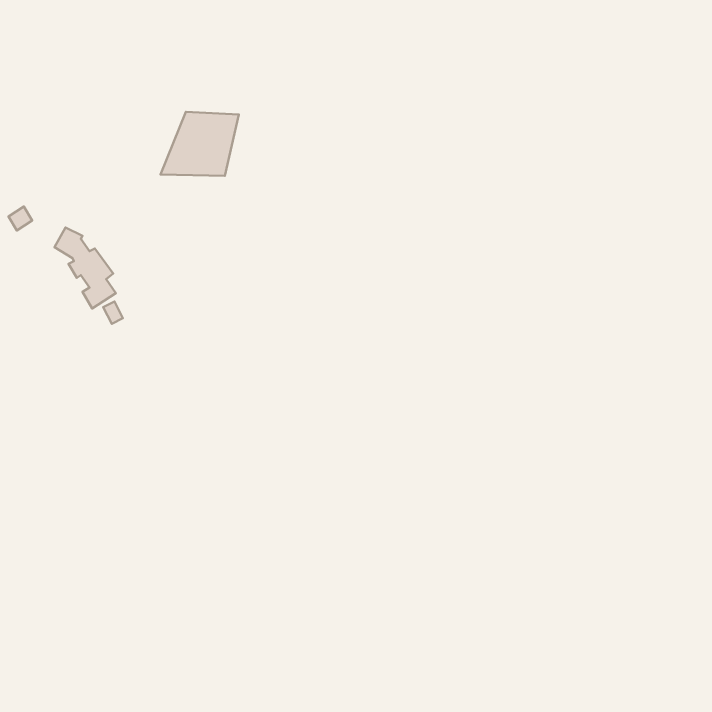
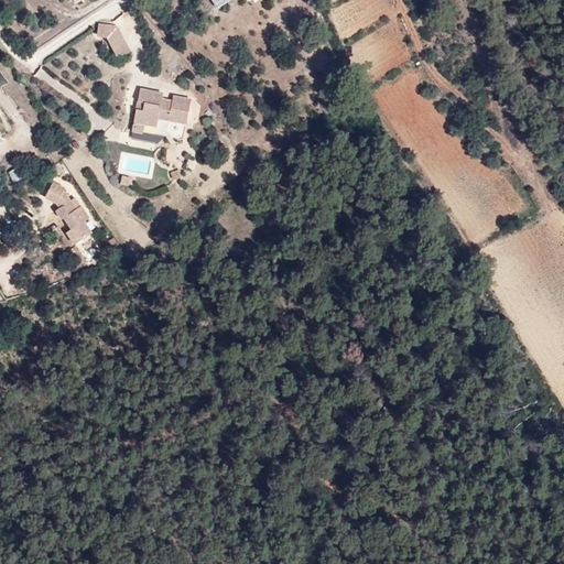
building: none -> [96,18,126,54]

